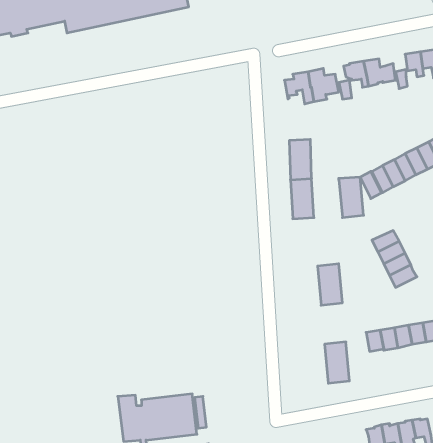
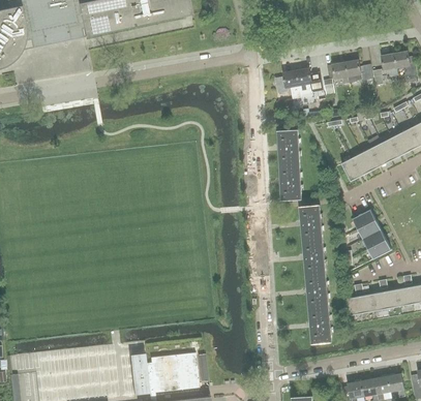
building: [339,177,364,218] -> [300,206,322,241]
building: none -> [306,273,328,309]

